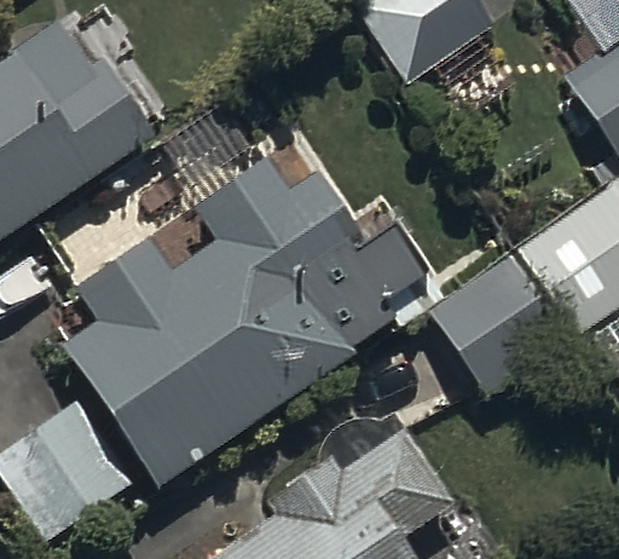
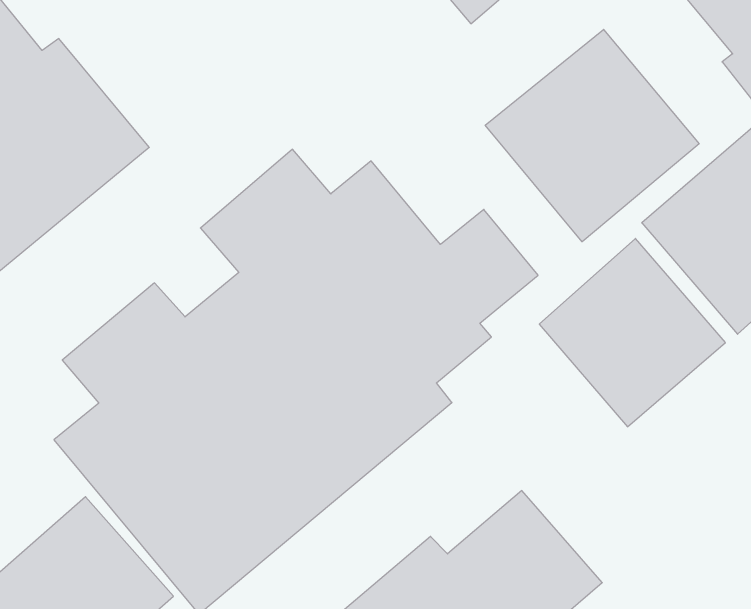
building: none -> [485,29,699,242]

